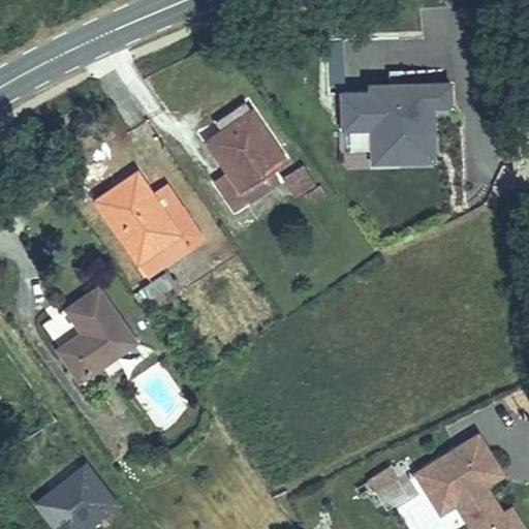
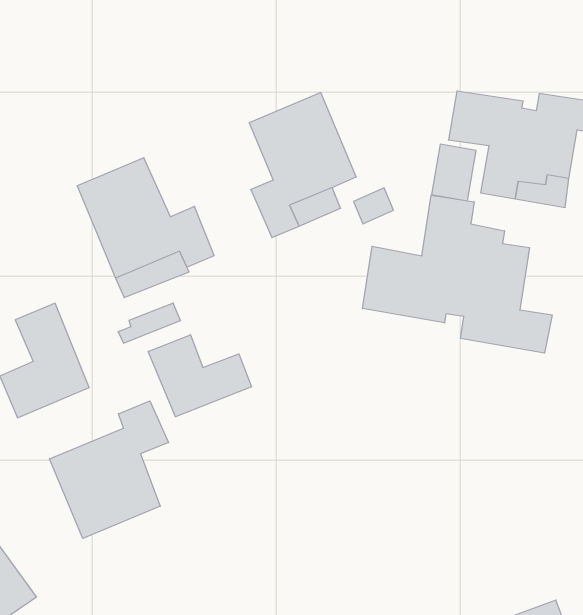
building: none -> [363,195,552,353]
building: none -> [148,335,251,417]
building: none -> [49,401,168,538]

